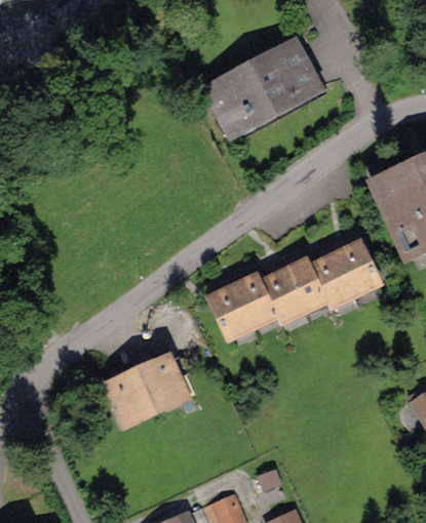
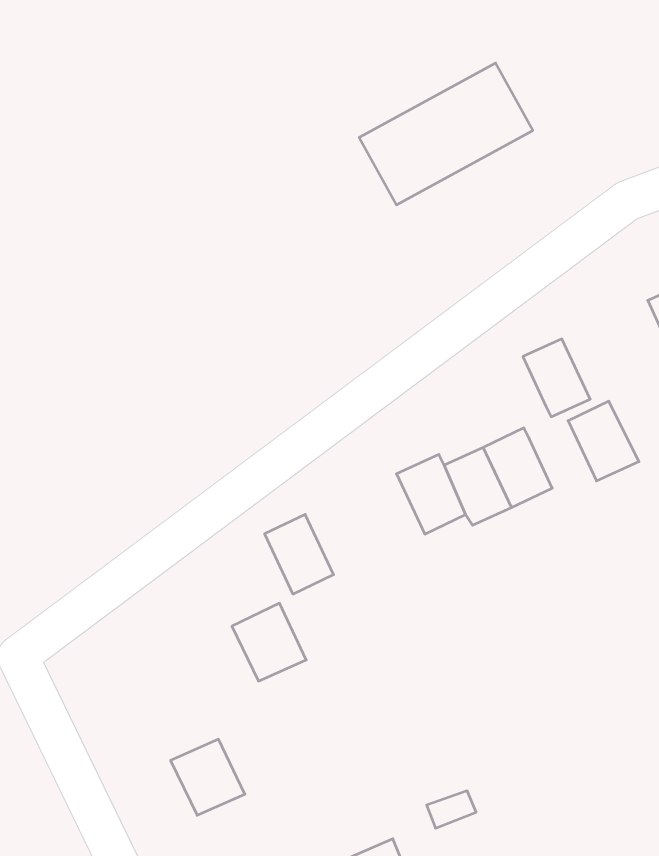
building: [312,254,351,299] -> [523,339,590,417]
building: [211,285,251,331] -> [265,514,334,594]
building: [112,373,155,417] -> [171,739,245,815]

